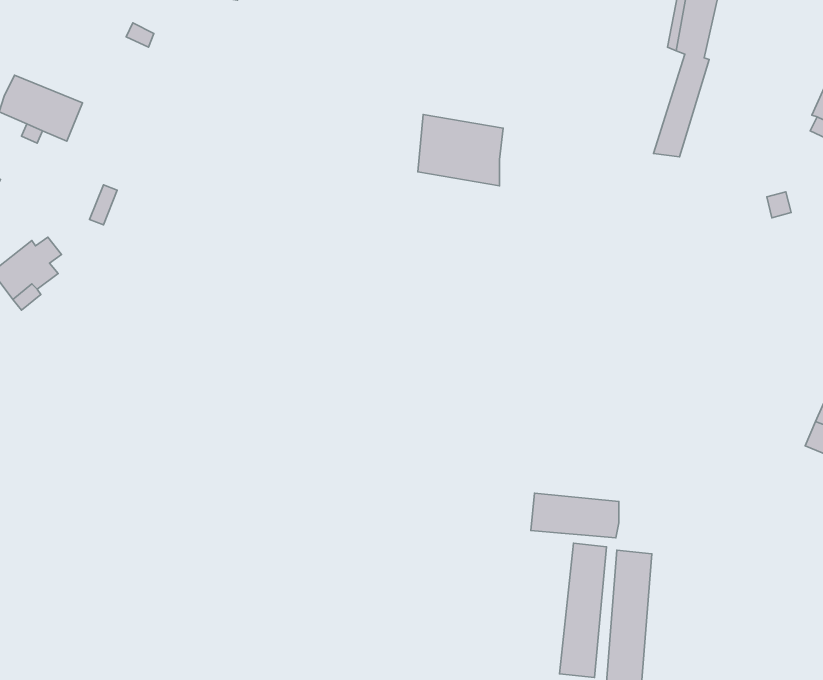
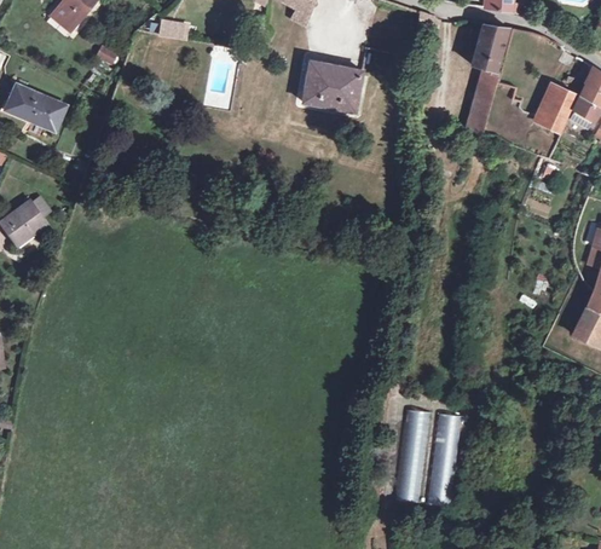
building: none -> [537,88,573,135]
building: [418,114,503,186] -> [305,59,364,109]
building: [531,493,619,538] -> none

